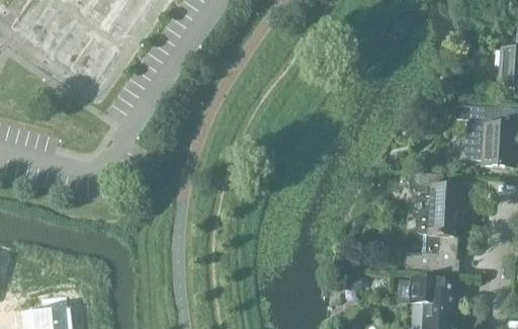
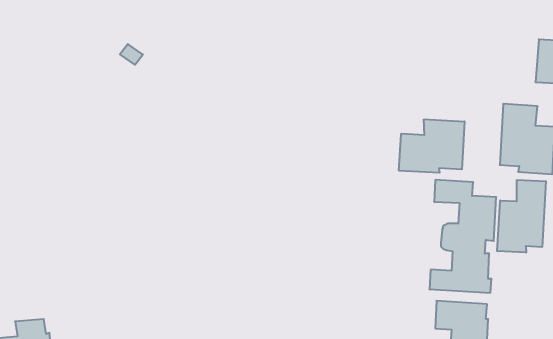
building: none -> [399,119,465,173]
building: none -> [497,180,546,253]

